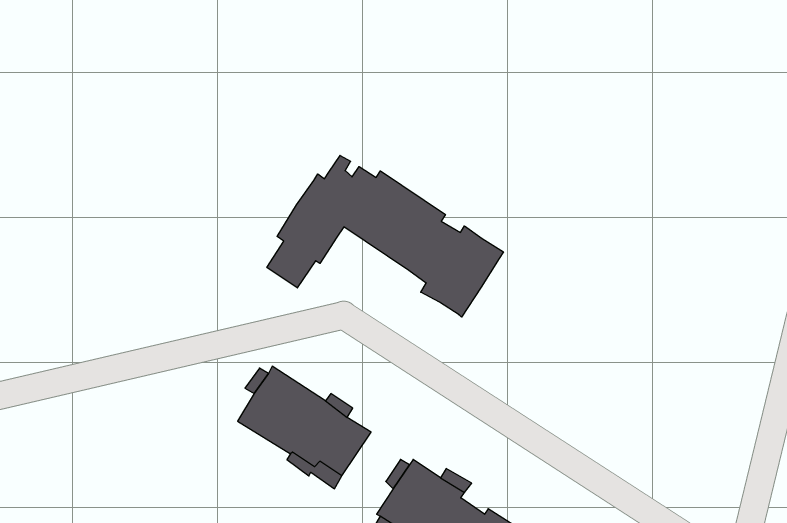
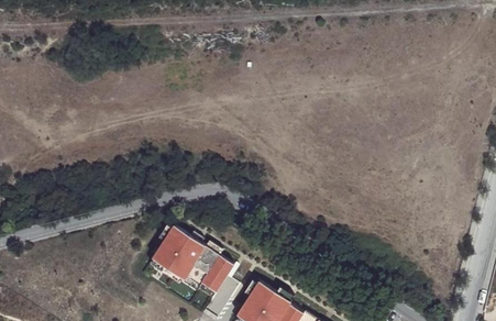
building: [267,155,503,317] -> none

